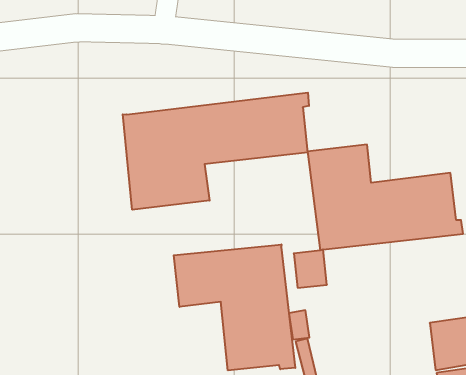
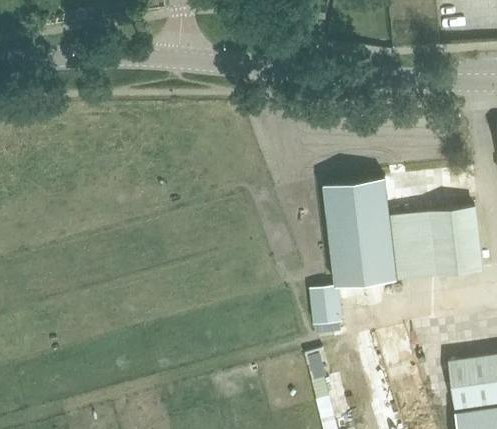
building: [123,93,309,210] -> none
building: [174,244,295,370] -> none

